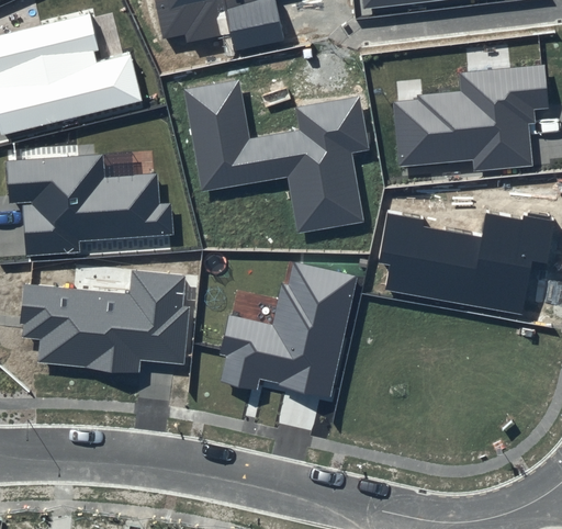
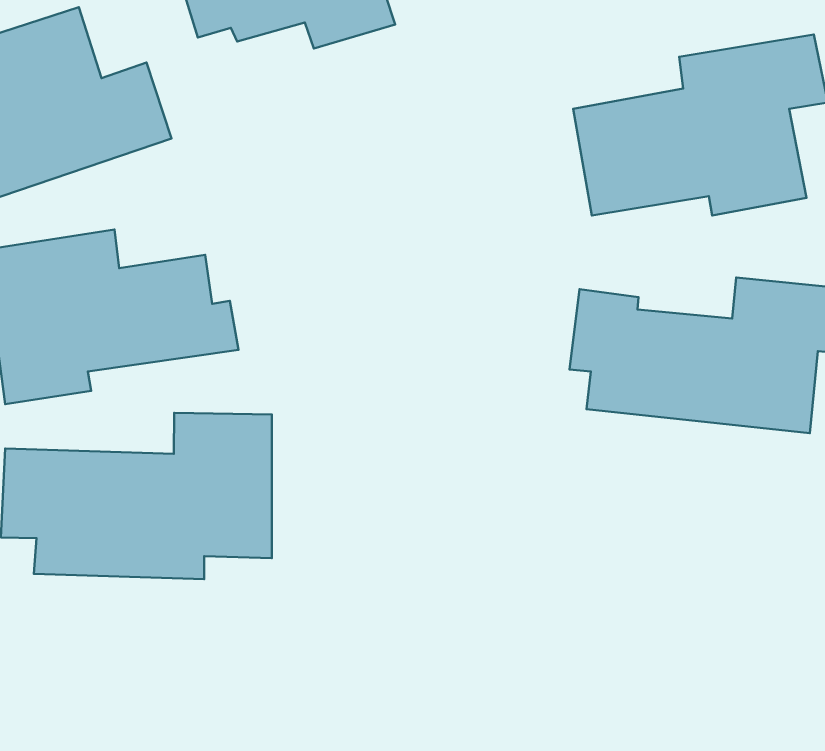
building: [183,80,370,233] -> none
building: [218,261,358,395] -> none

